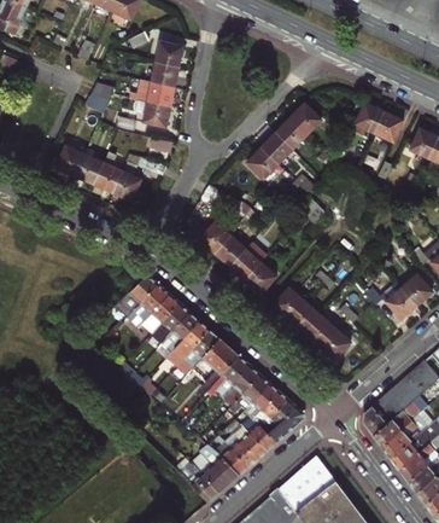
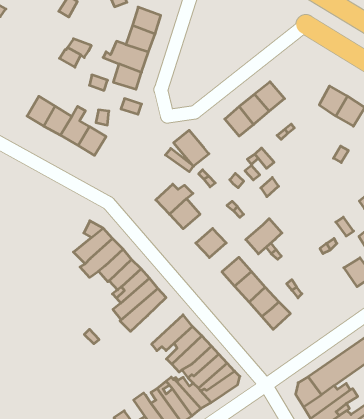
building: [246,149,283,185] -> [174,130,209,166]
building: [230,242,267,279] -> [246,219,282,254]
building: [365,283,415,320] -> none
building: [203,338,240,391] -> none

